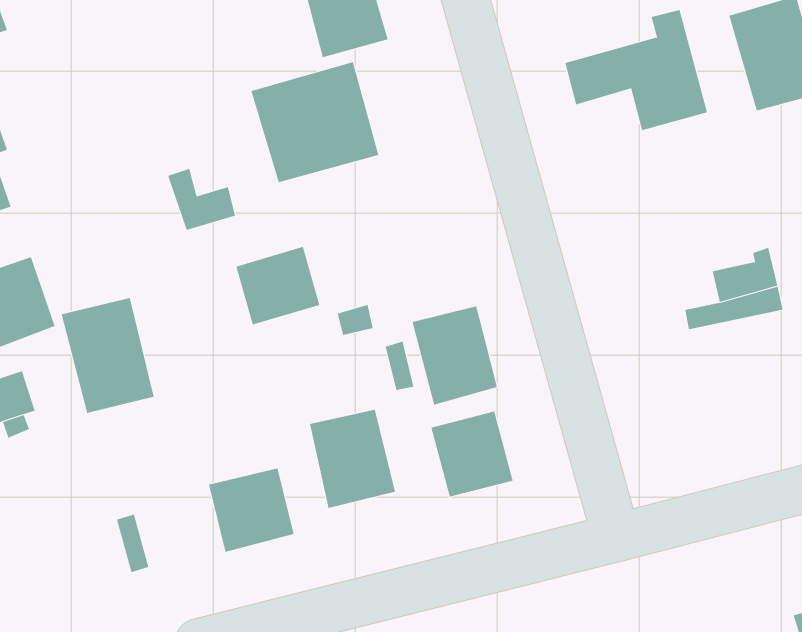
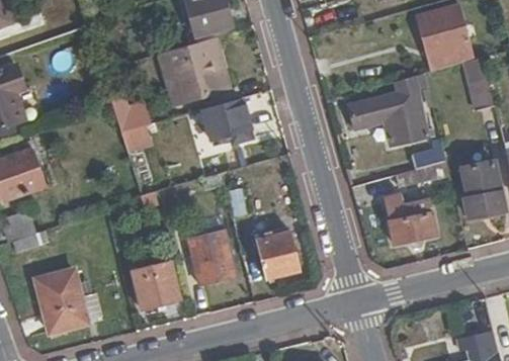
building: [564,10,708,131] -> [348,78,427,145]
building: [236,246,320,325] -> [203,97,250,141]
building: [61,298,155,414] -> [36,269,88,333]
building: [412,305,498,406] -> none
building: none -> [385,192,437,244]

